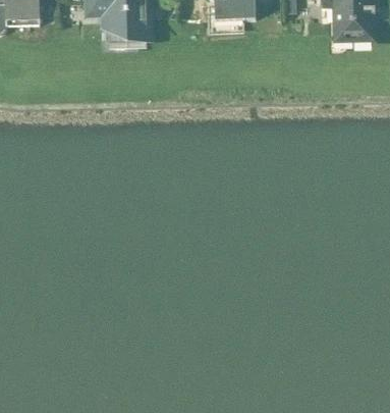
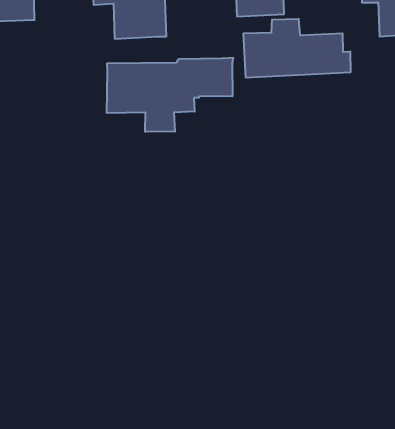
building: none -> [244,19,350,78]
building: none -> [107,58,233,132]

